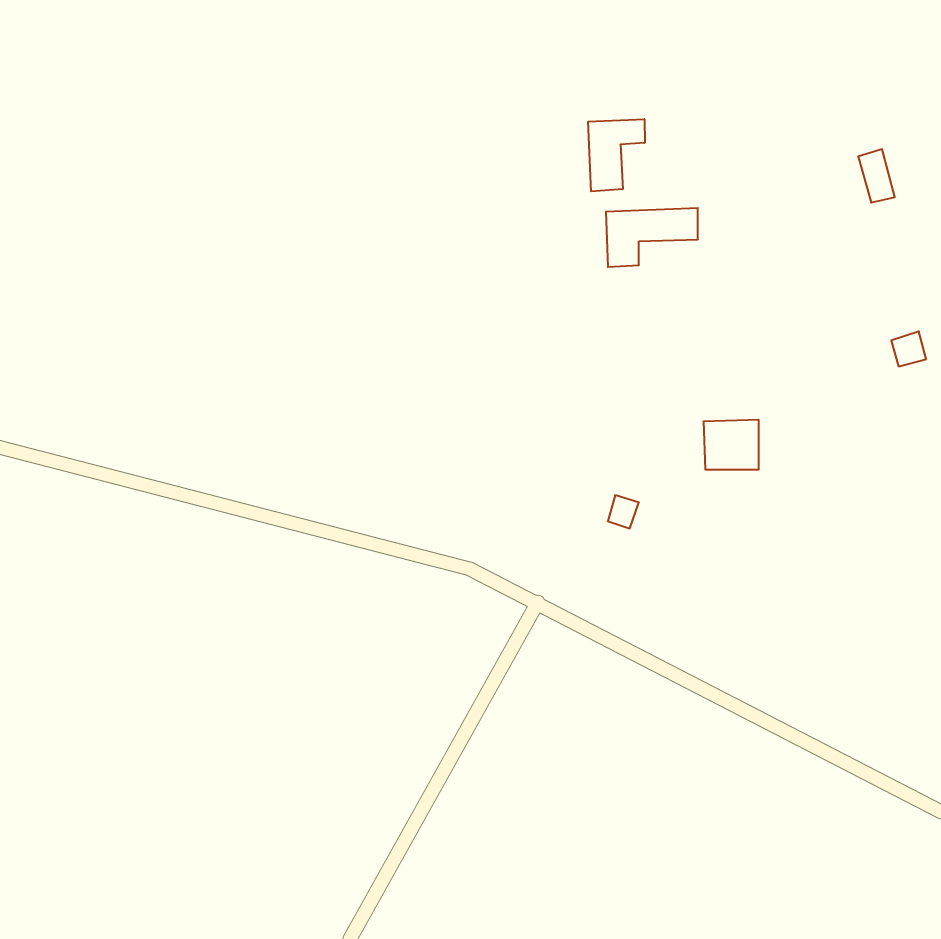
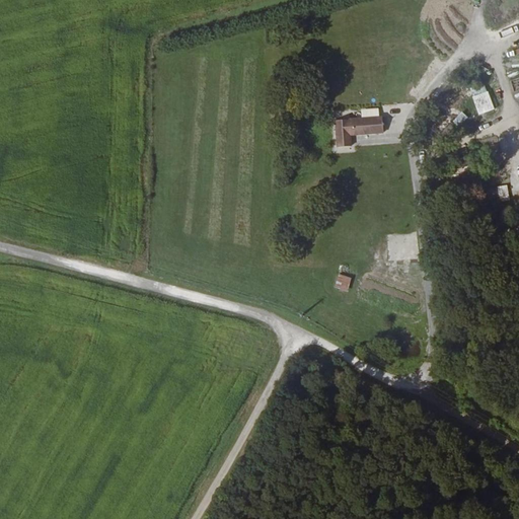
building: [588,119,645,191] -> none

